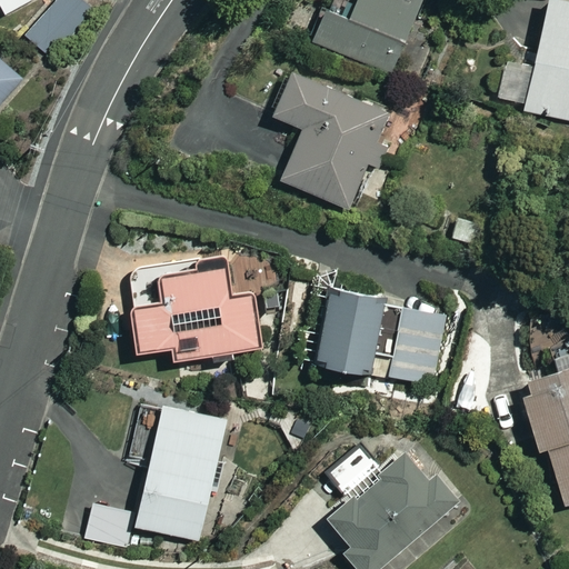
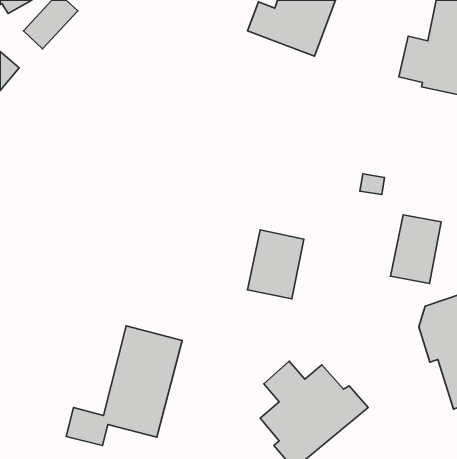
building: [270,67,392,208] -> none
building: [132,268,263,357] -> none
building: [389,305,451,389] -> [391,215,441,283]

